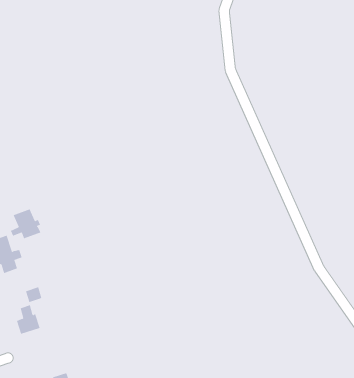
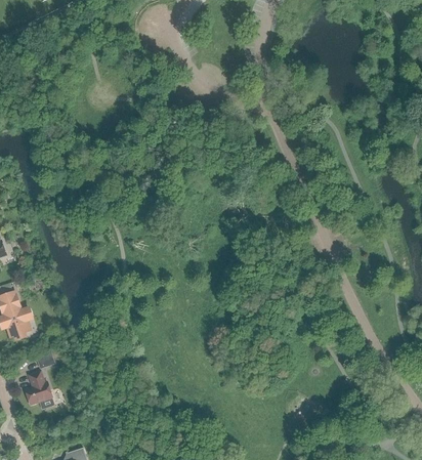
building: [10,209,41,239] -> none

